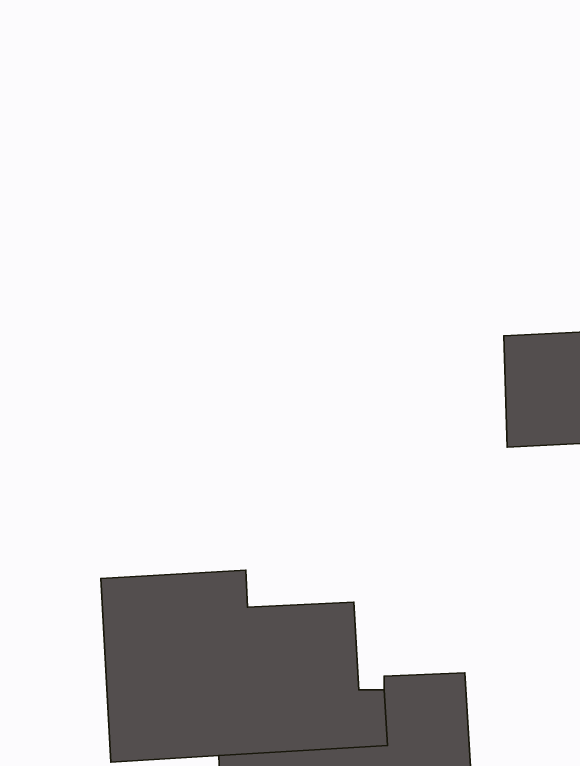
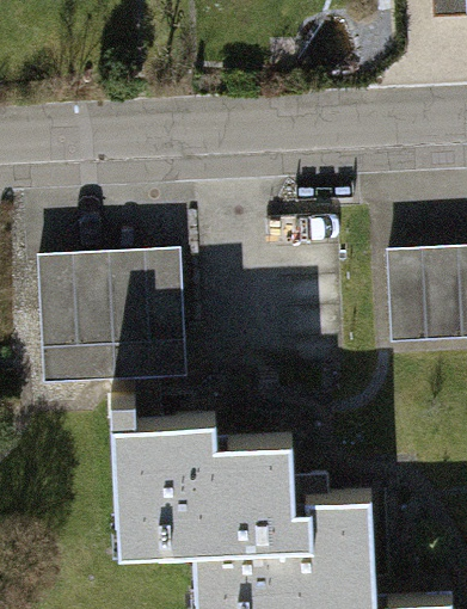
building: none -> [44,257,178,379]

